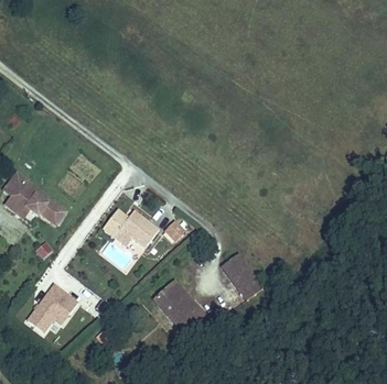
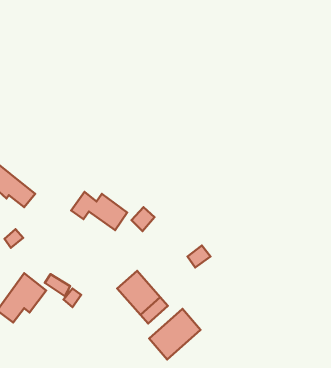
building: [228,268,260,301] -> none
building: none -> [149,309,201,359]

